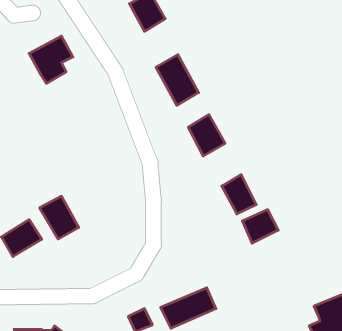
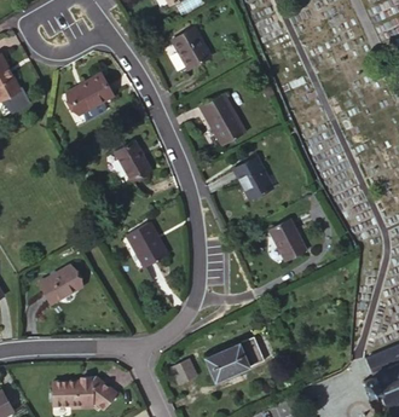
building: none -> [115,141,151,180]
building: [40,196,79,239] -> [127,222,168,267]
building: [242,210,278,243] -> none

